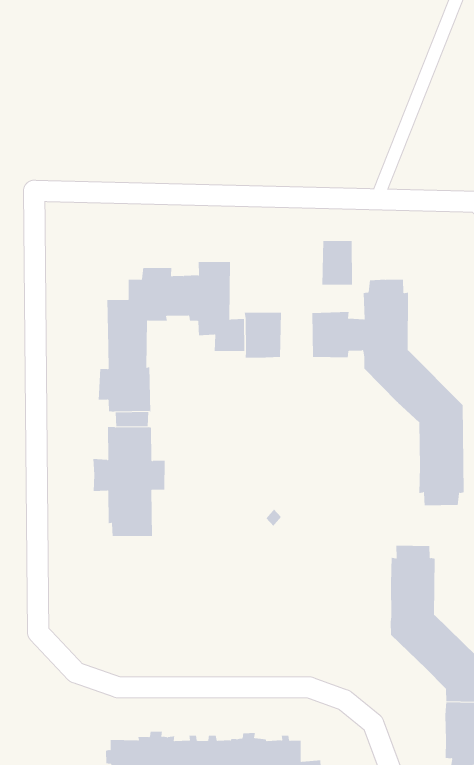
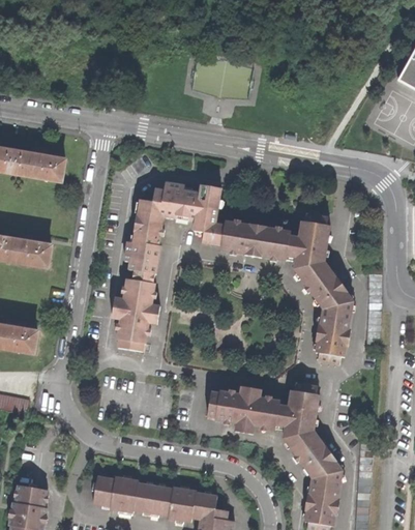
building: [322,240,353,285] -> [242,225,266,256]
building: none -> [207,385,288,434]

